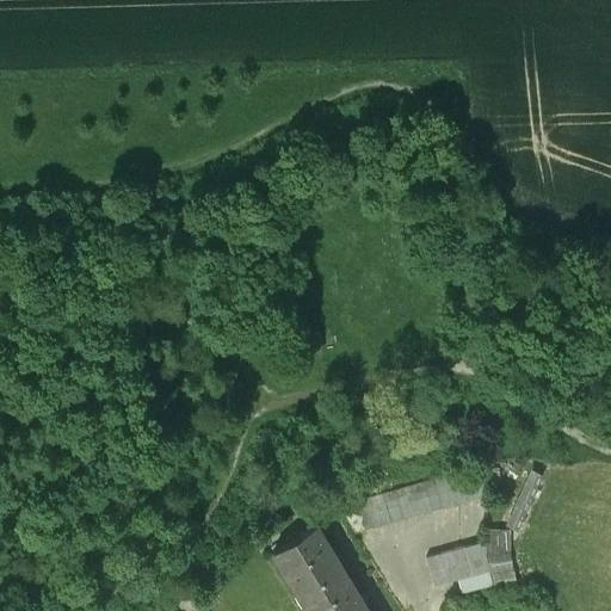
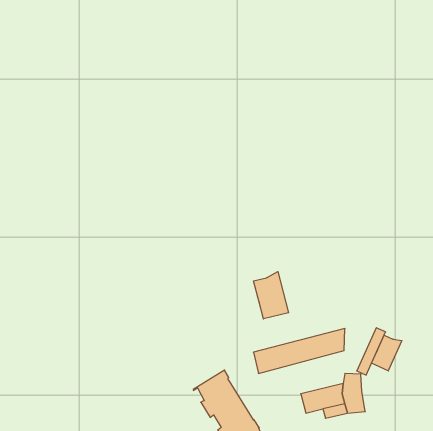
building: none -> [254,272,289,319]
building: none -> [372,335,402,371]

